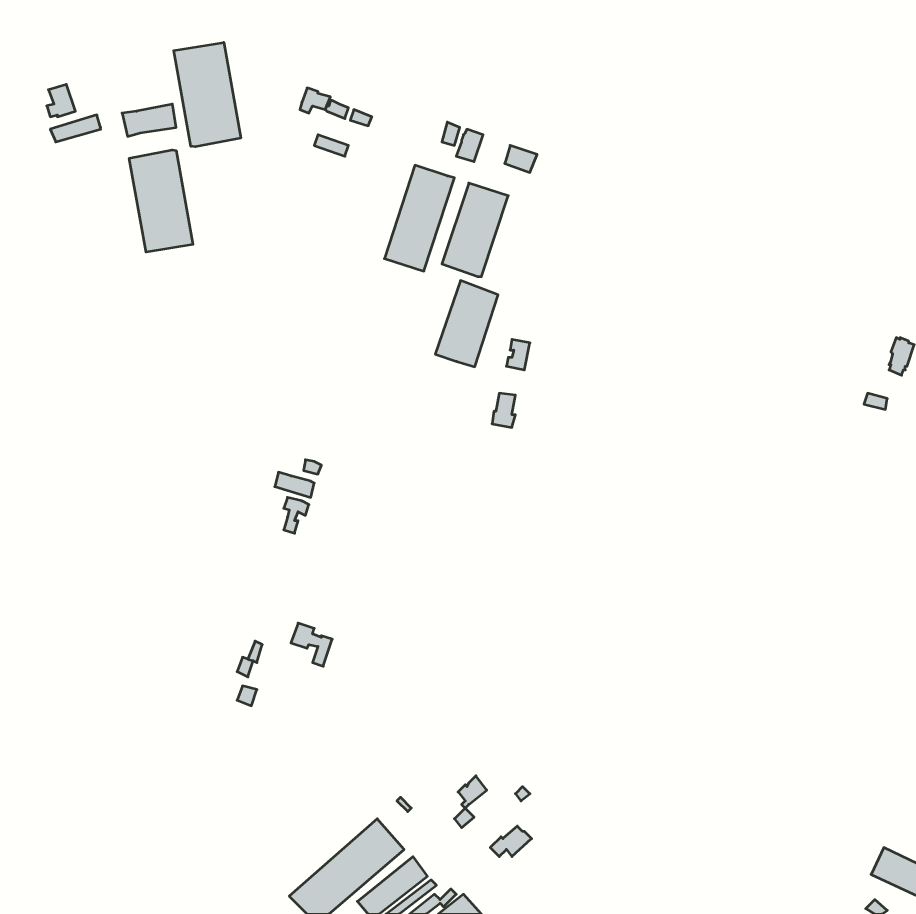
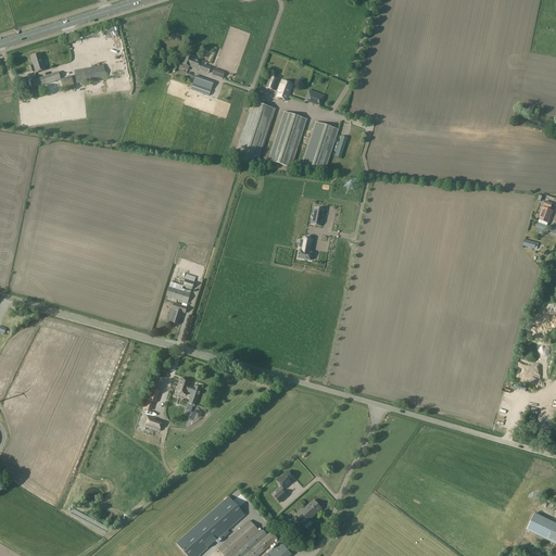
building: [174,42,241,147] -> none
building: [129,150,193,252] -> none
building: [435,281,498,367] -> [302,121,340,173]

